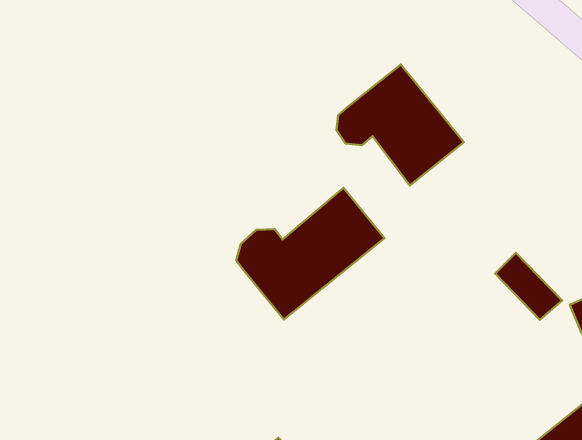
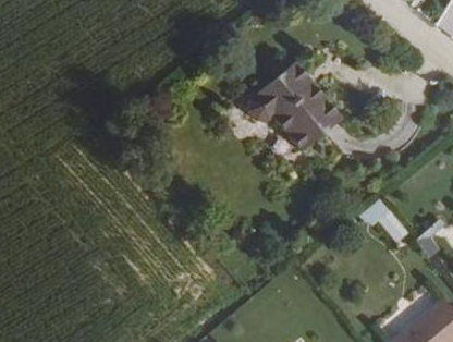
building: [236,188,385,319] -> none

